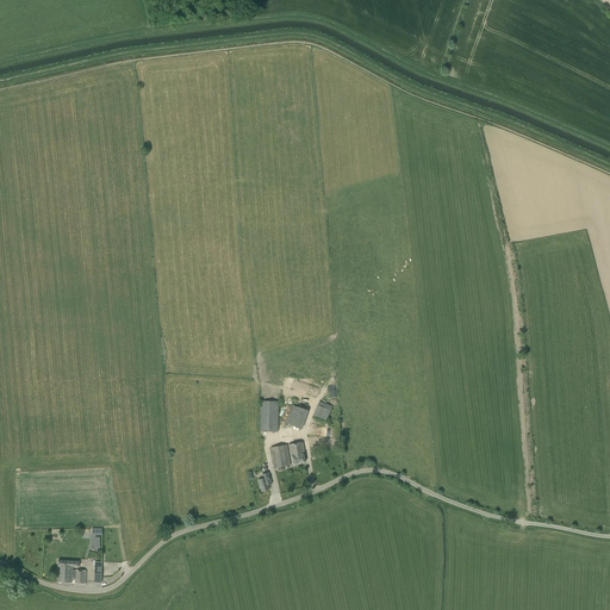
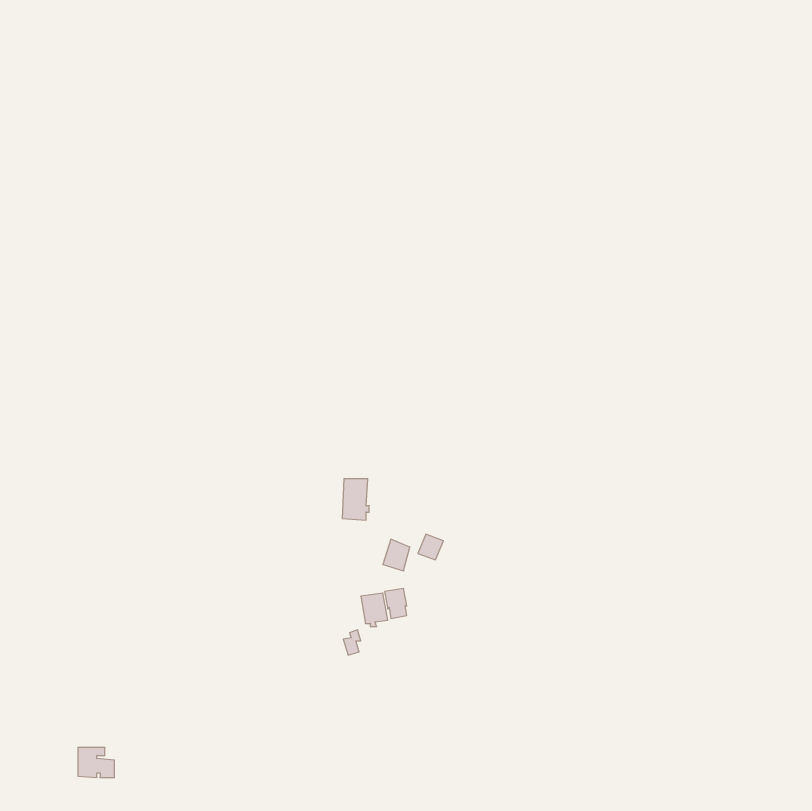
building: [260,400,280,431] -> [342,479,369,520]

